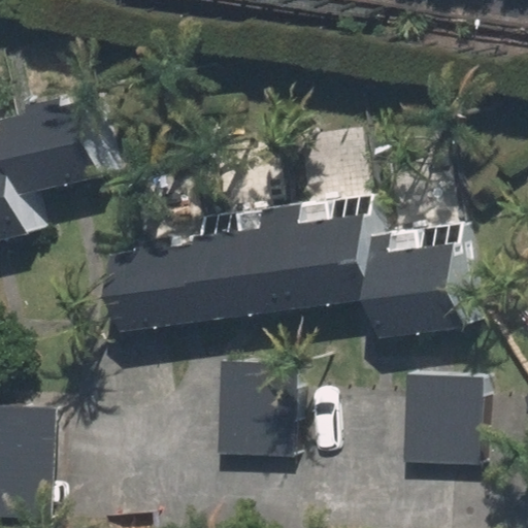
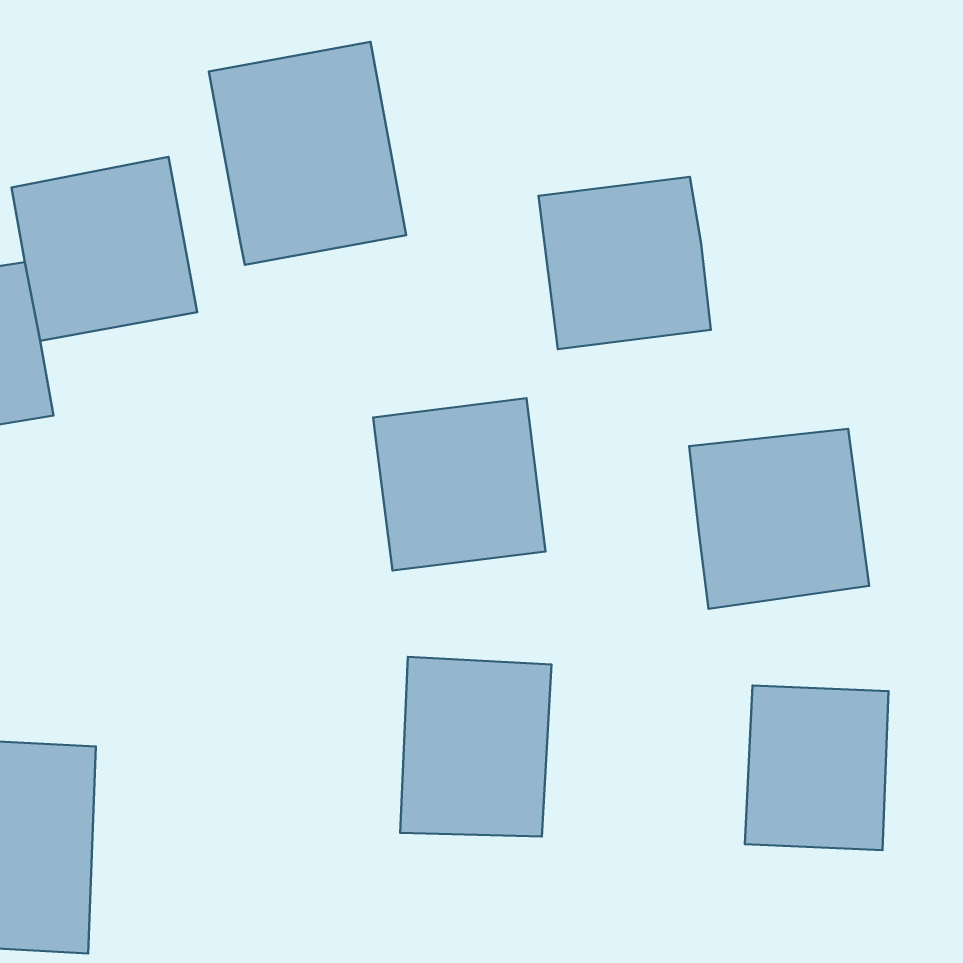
building: none -> [209,42,406,265]
building: [284,212,376,305] -> [539,177,711,349]
building: [118,242,211,327] -> none

